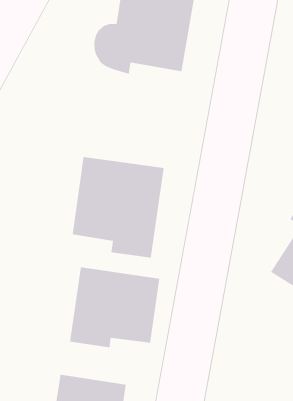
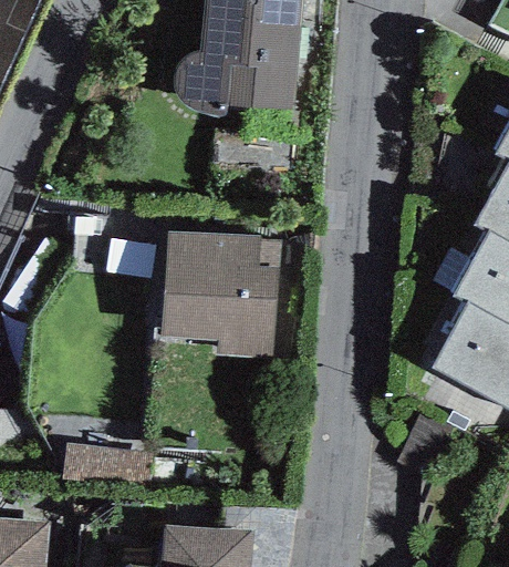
building: [70,267,160,348] -> none

